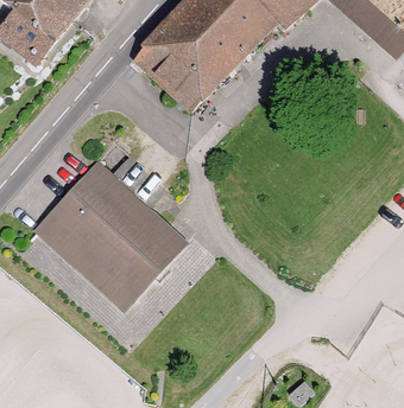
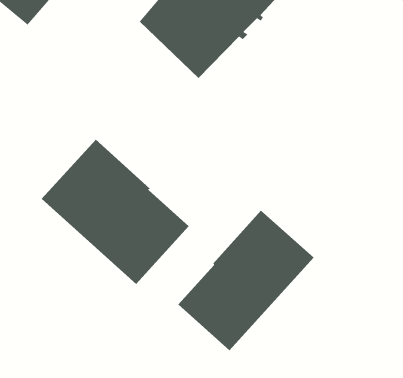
building: none -> [177,210,314,351]

